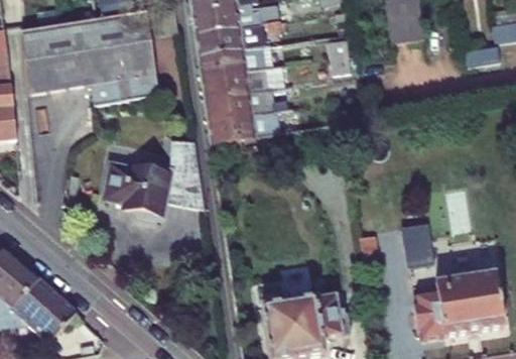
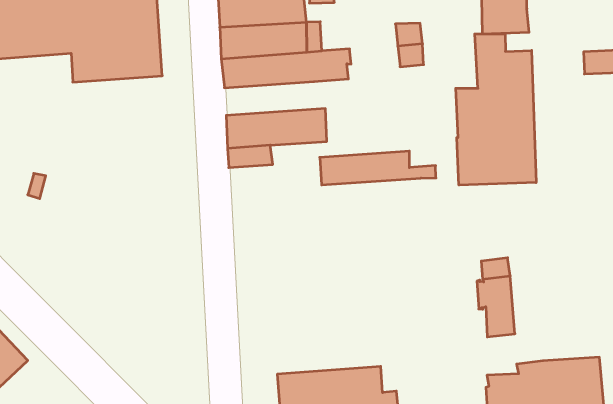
building: none -> [456,34,536,185]
building: [205,89,291,119] -> [320,151,436,185]
building: [104,140,204,219] -> none

